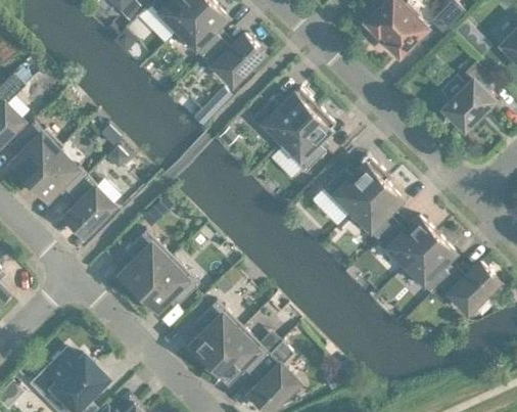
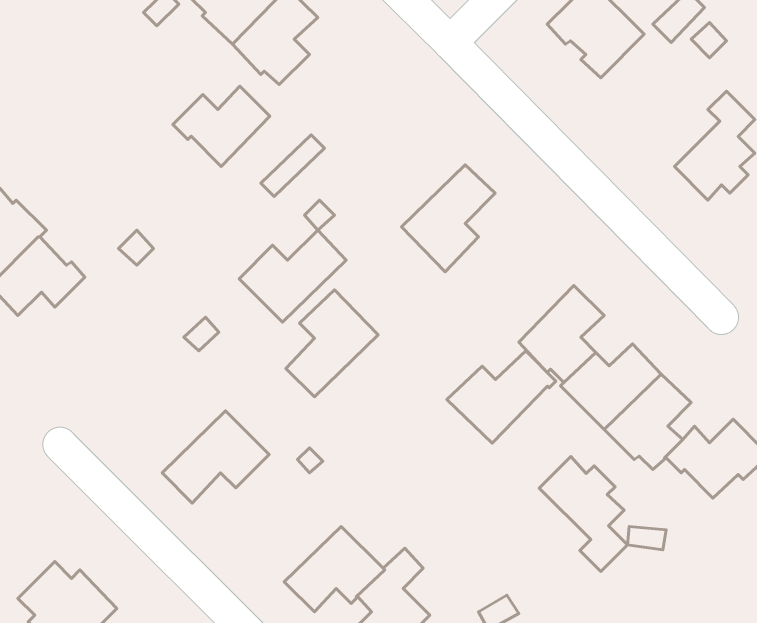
building: [204,36,264,85] -> [173,86,270,166]
building: [252,90,318,146] -> [239,230,346,322]
building: [323,161,389,217] -> [447,351,556,443]
building: [63,177,111,236] -> none
building: [115,231,172,296] -> [286,290,378,397]
building: none -> [539,457,628,572]
building: [186,302,242,368] -> none

